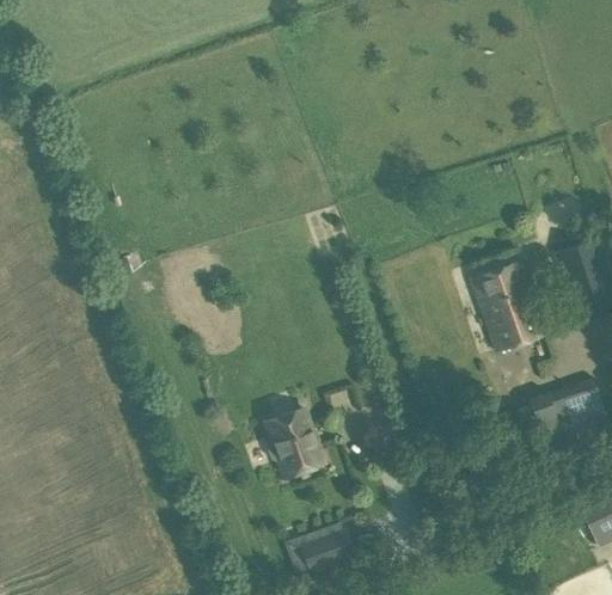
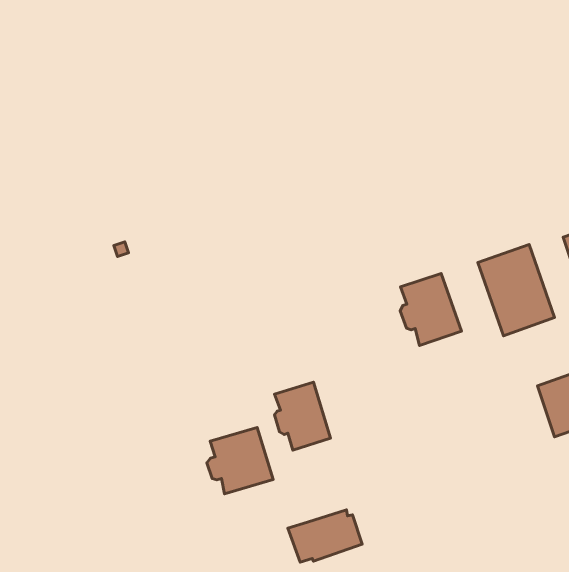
building: none -> [400,273,461,346]
building: none -> [207,427,273,494]

